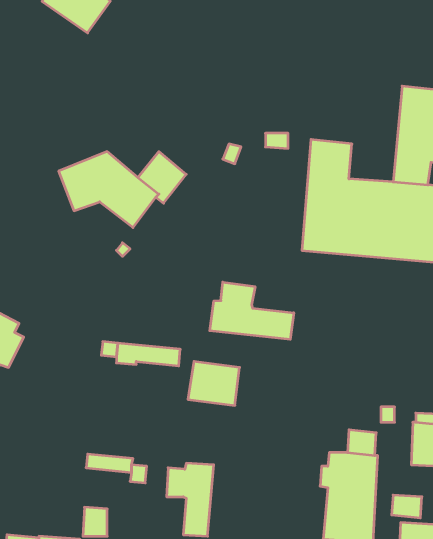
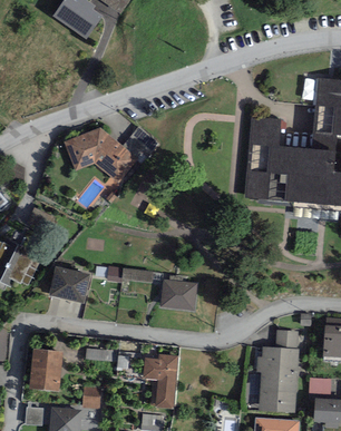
building: [210,282,294,339] -> none
building: none -> [48,265,91,303]
building: none -> [29,347,62,390]

